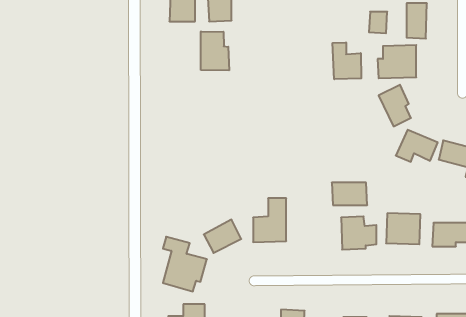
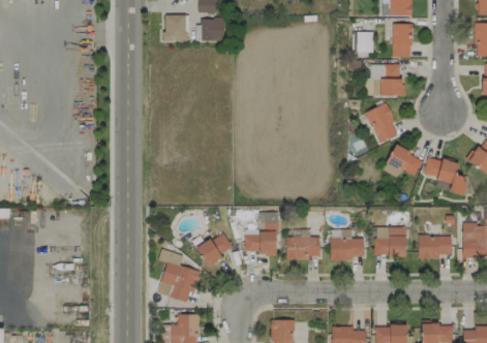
building: [201,31,229,70] -> none
building: [333,42,361,79] -> none
building: [332,183,367,205] -> [286,237,321,258]

